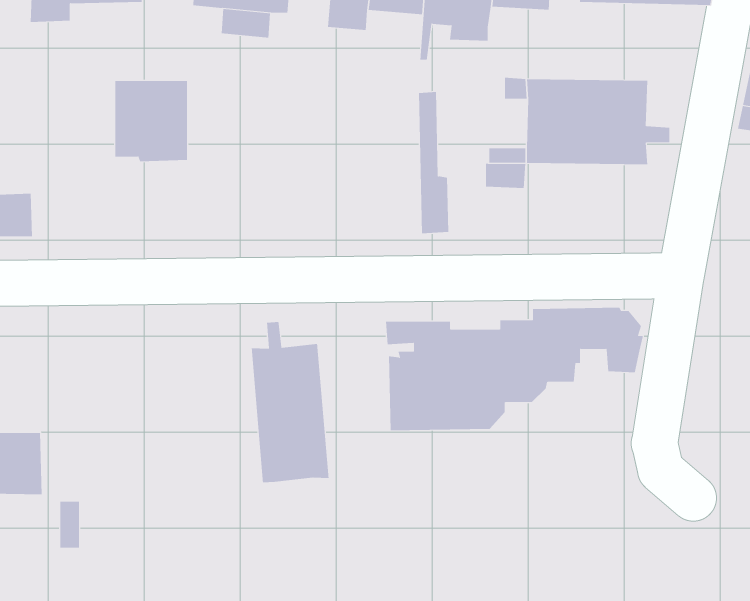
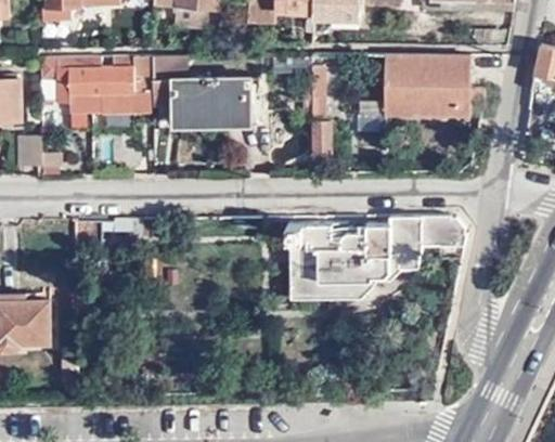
building: none -> [152,54,250,125]
building: none -> [48,57,101,112]
building: [251,321,329,483] -> none

